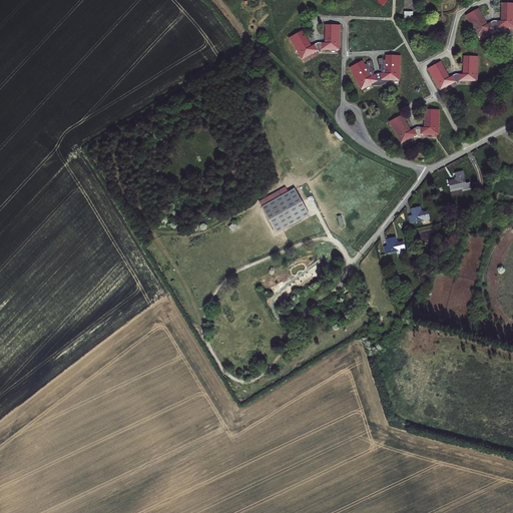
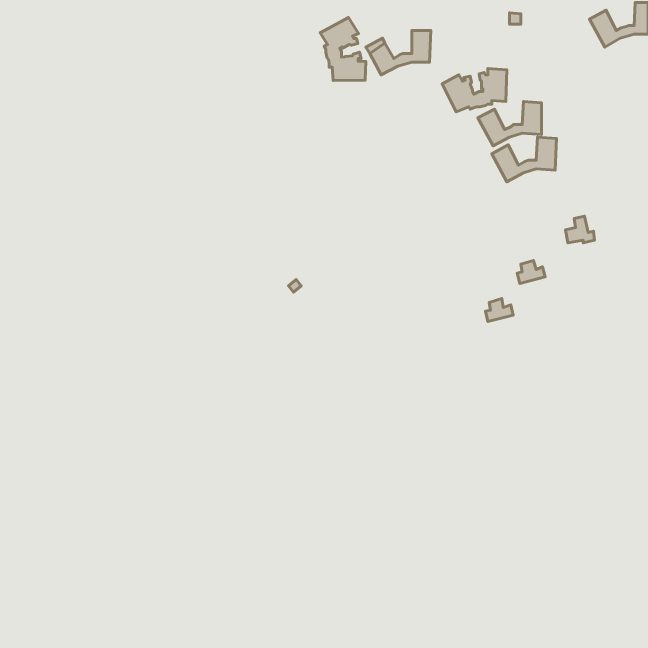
building: none -> [320,17,366,81]
building: [427,55,477,90] -> [478,101,541,146]
building: [263,187,310,233] -> none

